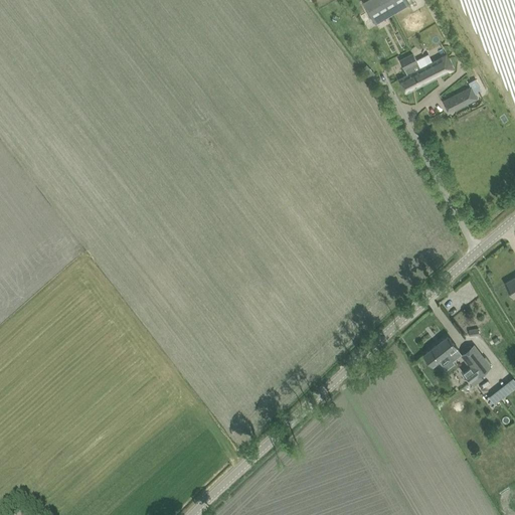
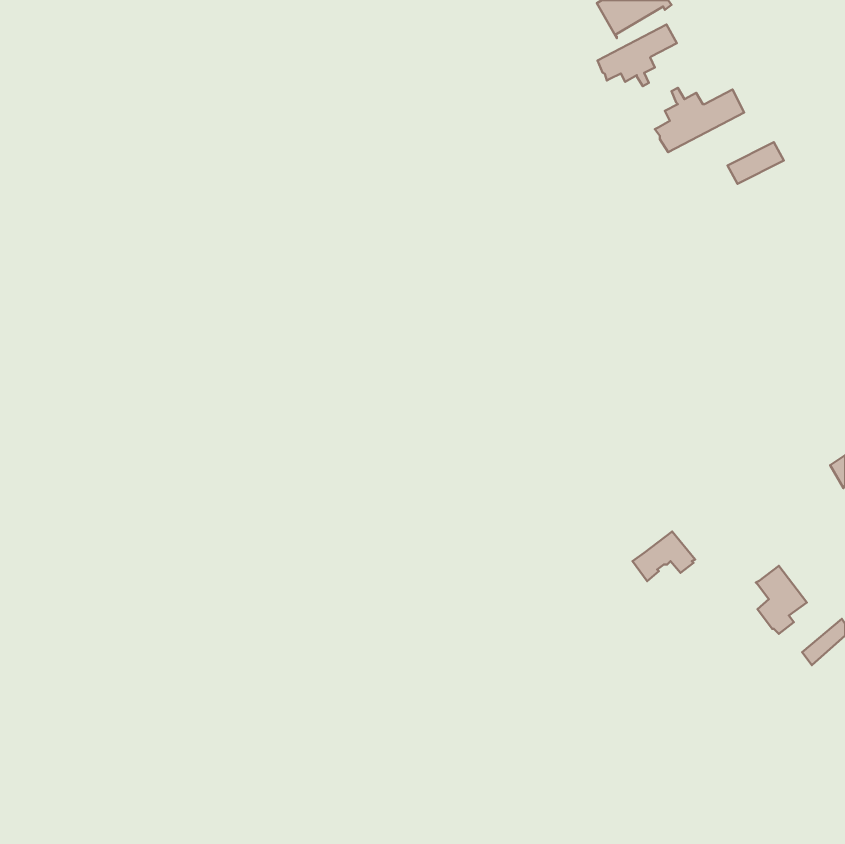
building: none -> [597,24,677,86]
building: [423,337,462,367] -> [632,531,695,581]

